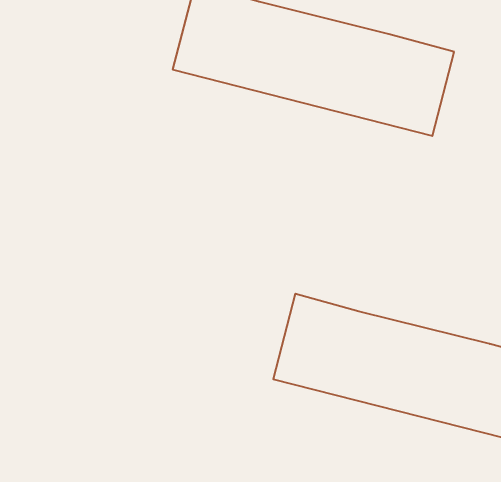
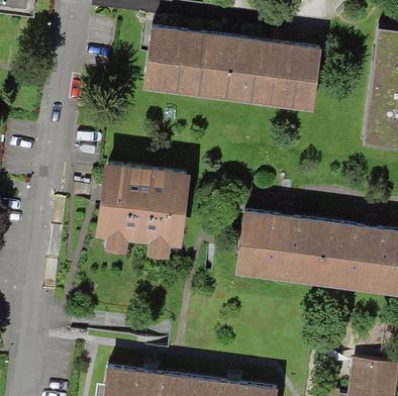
building: none -> [104,166,191,239]

